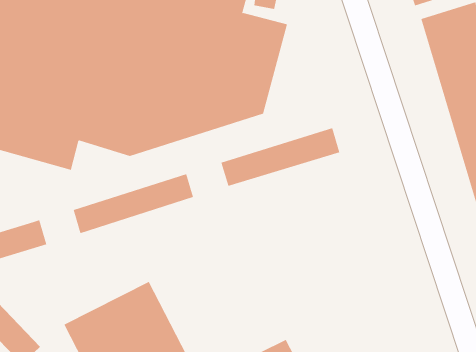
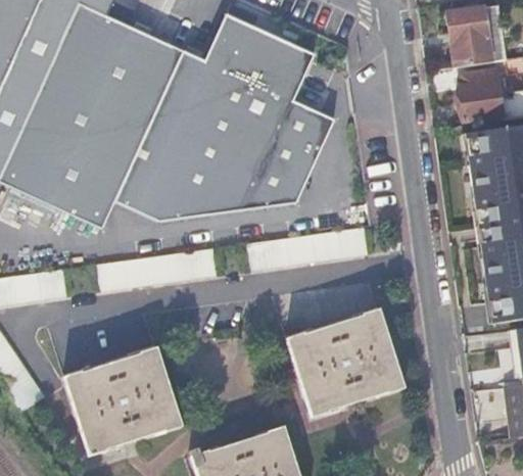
building: none -> [285,308,402,416]

